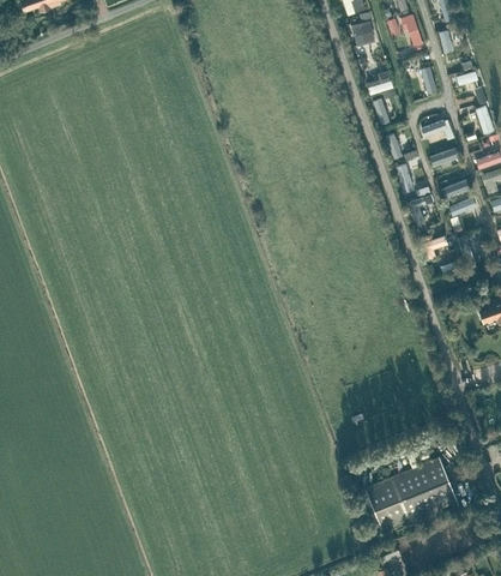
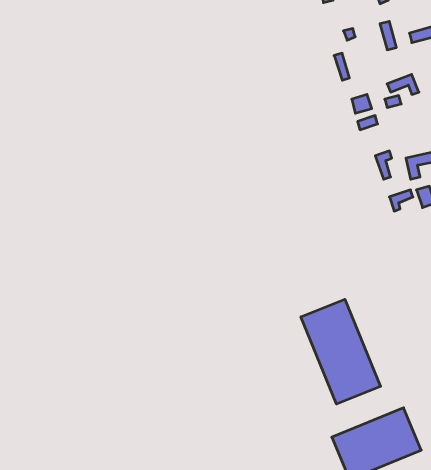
building: none -> [301,299,381,404]

